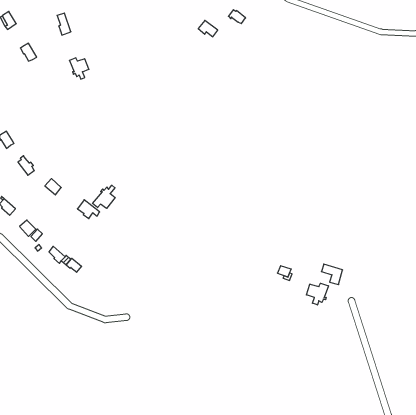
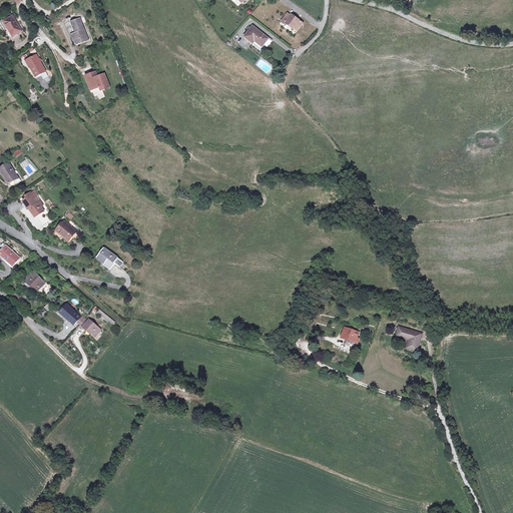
building: [93,185,115,208] -> none
building: [306,283,328,305] -> none

